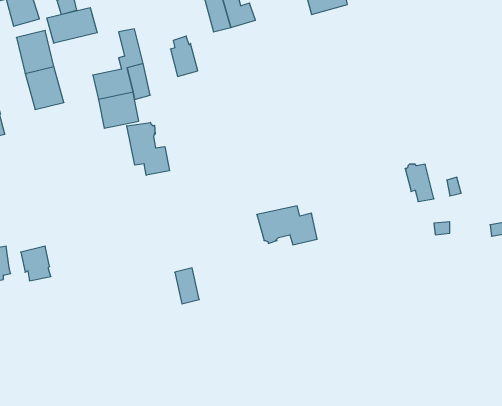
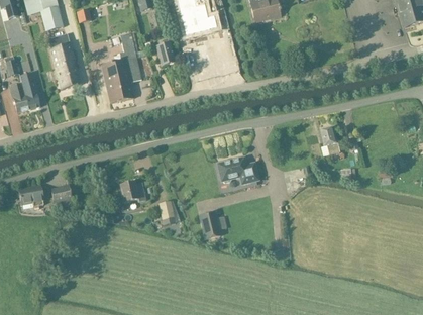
building: [47,8,97,43] -> none
building: [127,122,169,175] -> none
building: none -> [119,182,145,203]
building: none -> [199,211,220,238]

